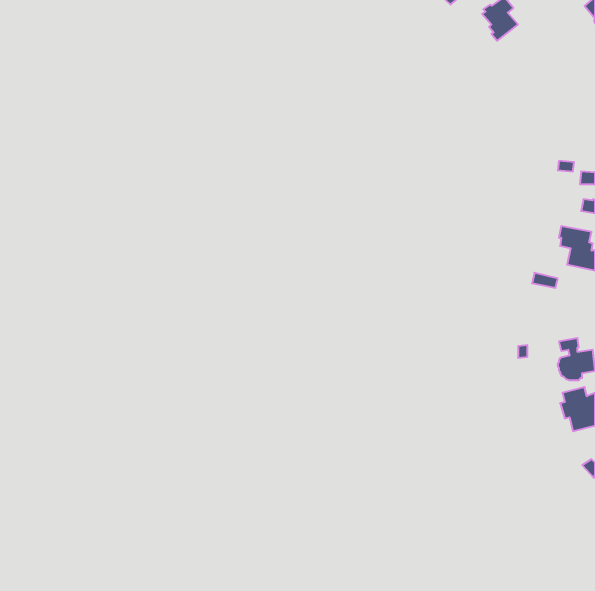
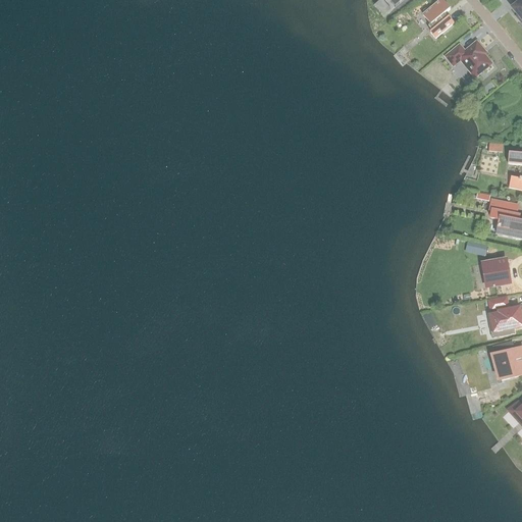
building: none -> [446,40,490,72]
building: none -> [485,257,510,283]

